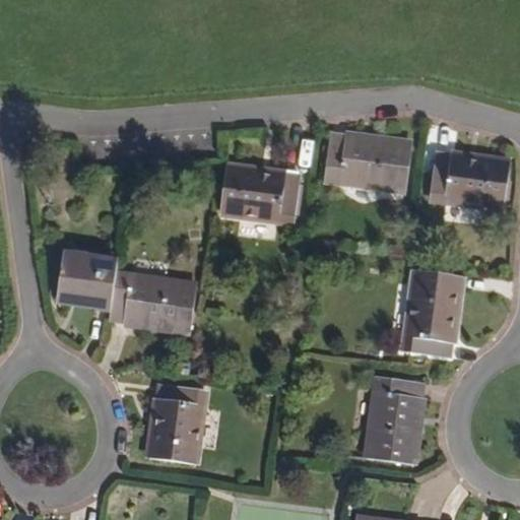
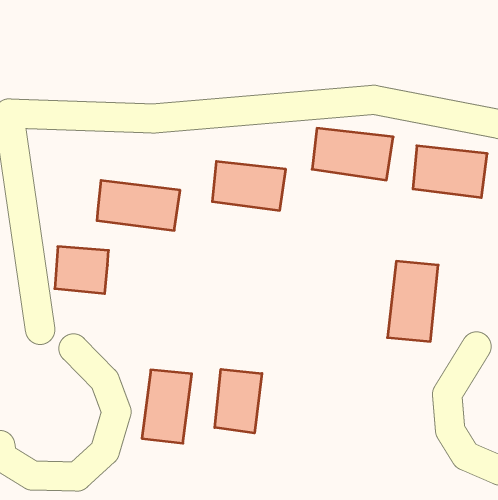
building: [110,275,196,327] -> [97,180,180,230]
building: [367,377,421,460] -> none
building: none -> [215,369,262,433]

